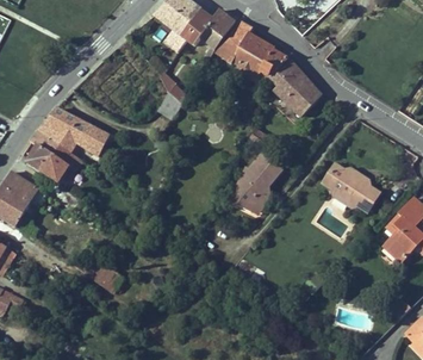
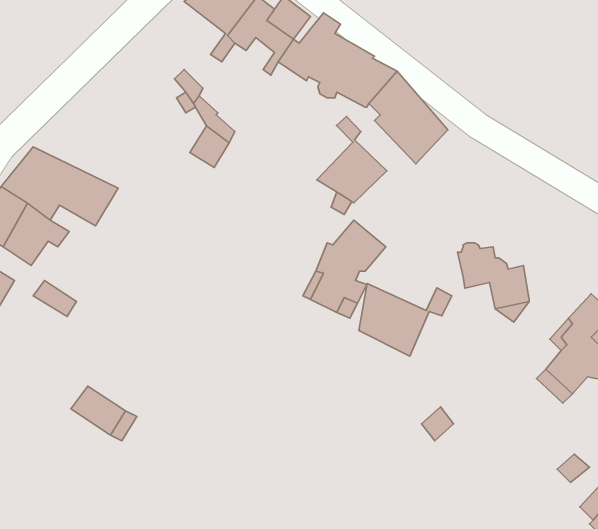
building: none -> [317,117,387,203]
building: none -> [359,284,452,356]

